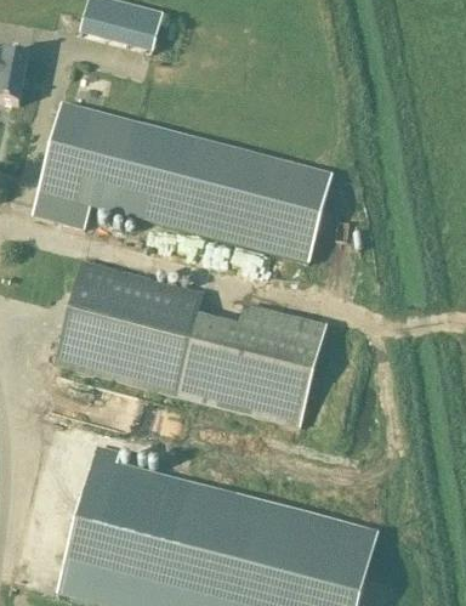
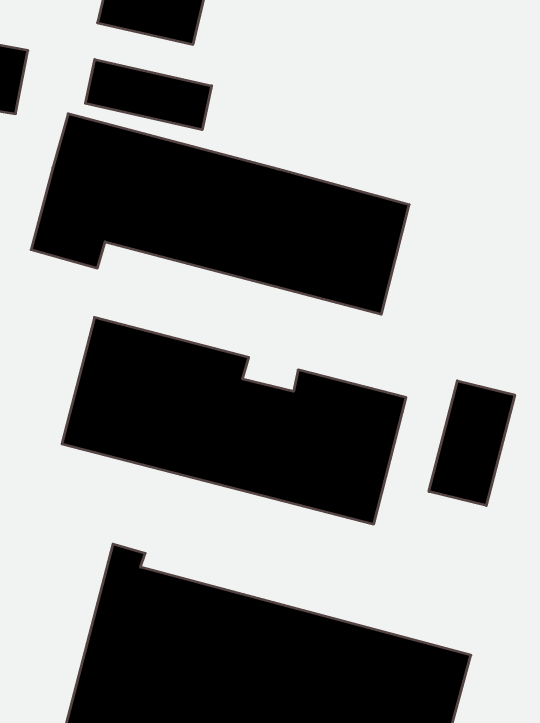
building: none -> [85,59,212,130]
building: none -> [429,381,515,506]

